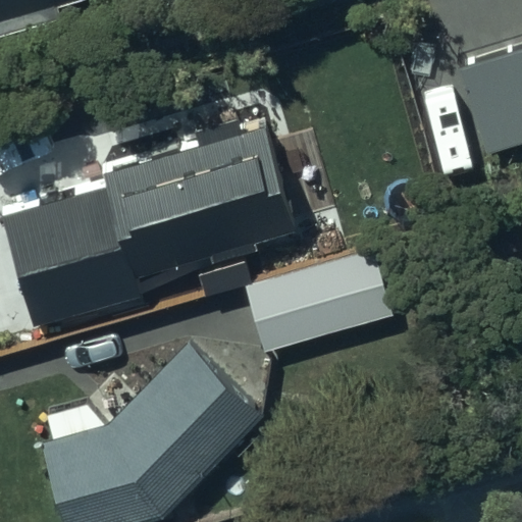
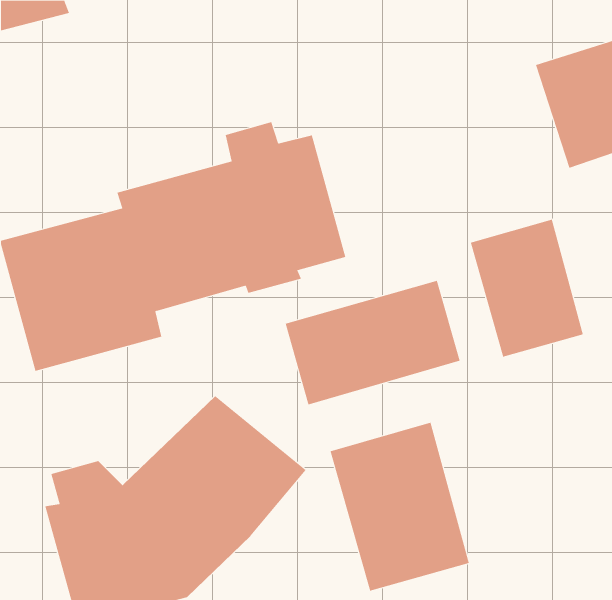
building: none -> [470,219,584,358]
building: none -> [330,422,469,592]

